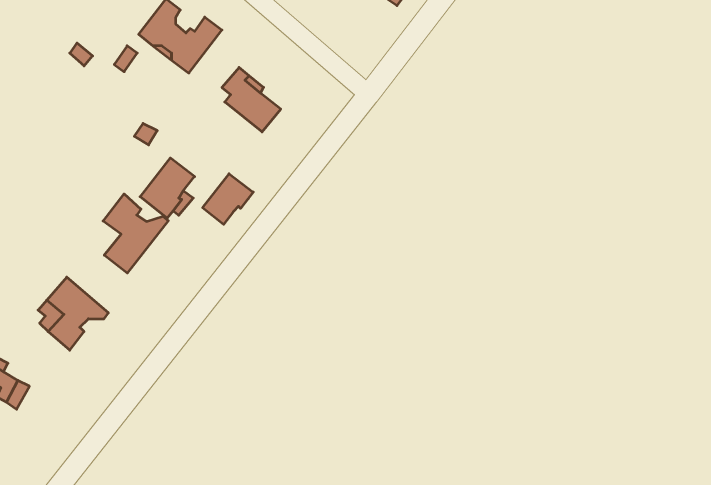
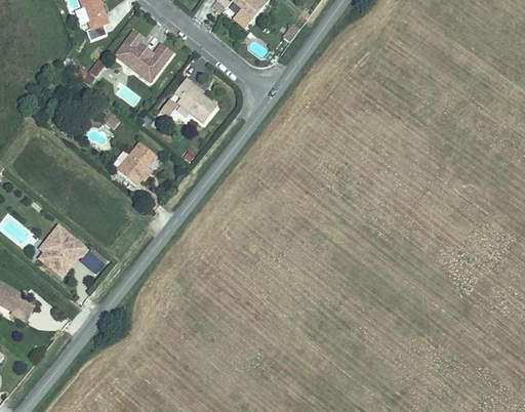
building: [203,174,253,224] -> none
building: [103,194,168,273] -> none

